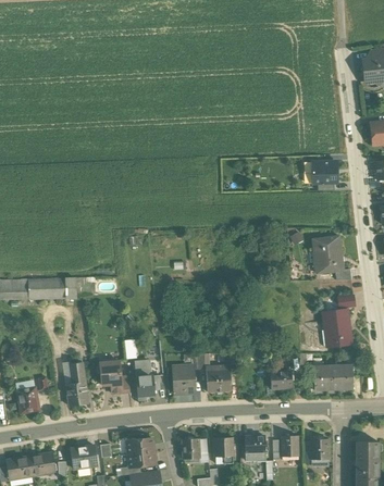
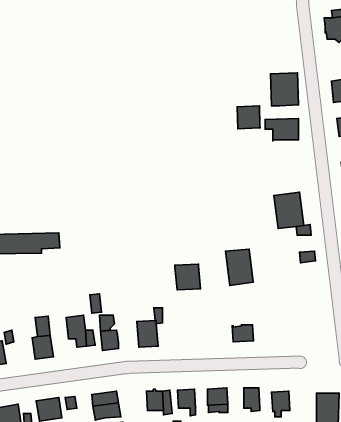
building: none -> [270,73,299,106]
building: none -> [237,106,260,129]
building: [323,310,351,347] -> [225,249,253,286]
building: [206,365,232,391] -> [175,264,201,290]
building: [314,365,354,389] -> none

